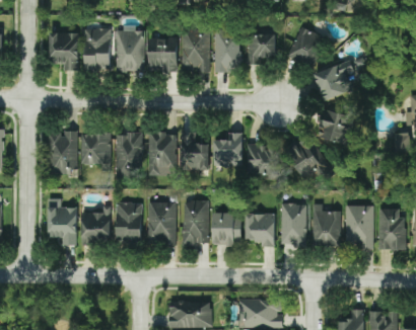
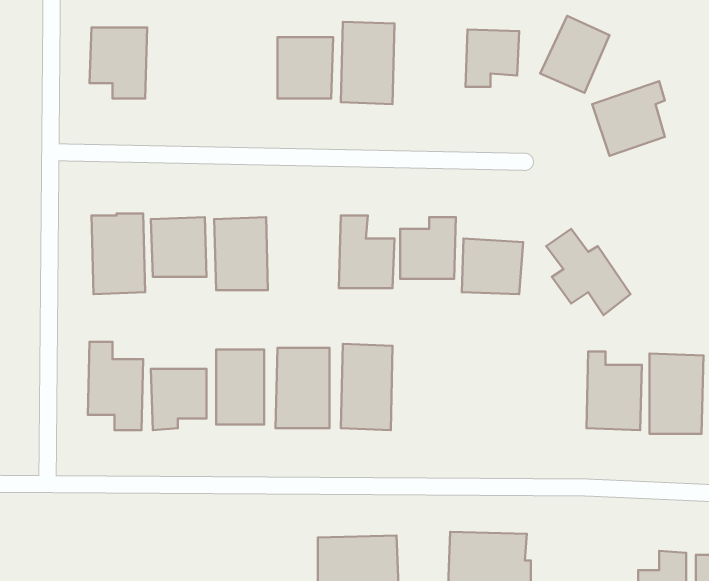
building: [84,27,111,70] -> none
building: [116,27,145,71] -> none
building: [214,30,240,71] -> none
building: [315,109,352,144] -> none
building: [148,132,177,175] -> none
building: [280,203,306,244] -> none
building: [246,213,275,247] -> none
building: [213,214,241,245] -> none

